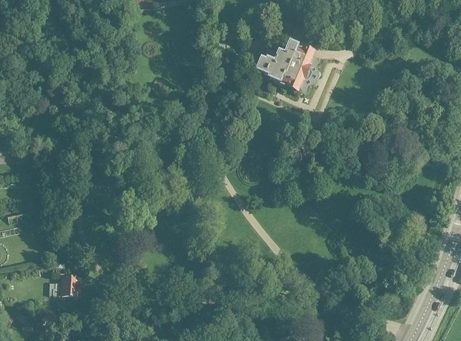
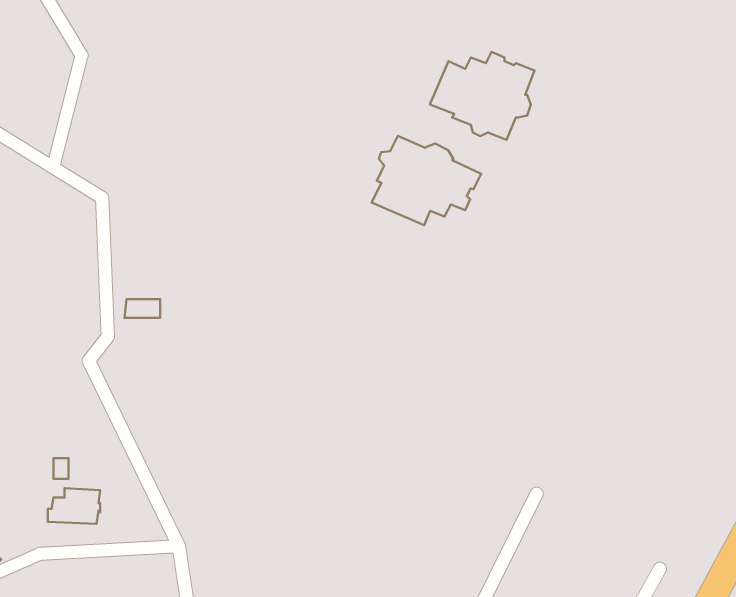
building: none -> [372,136,481,225]

